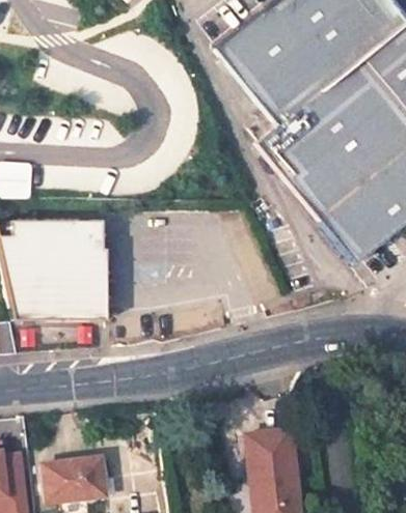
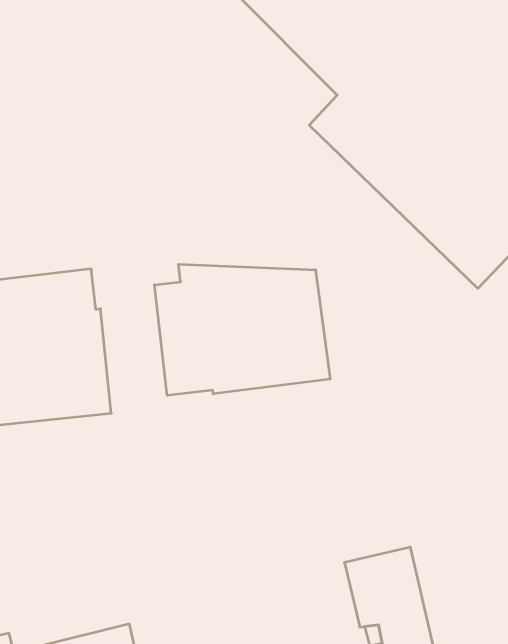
building: none -> [154,264,330,395]

